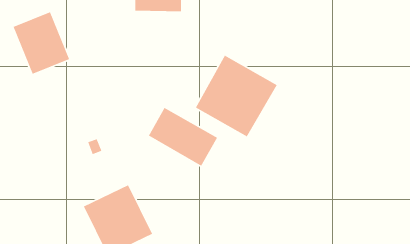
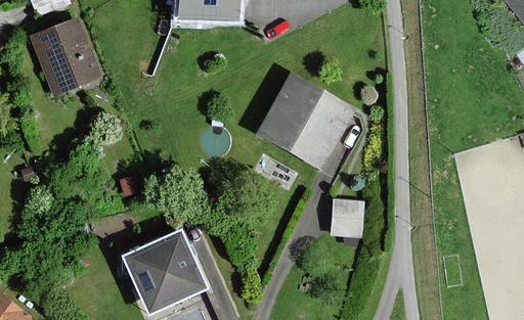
building: [148,107,218,167] -> none
building: none -> [330,195,365,231]

